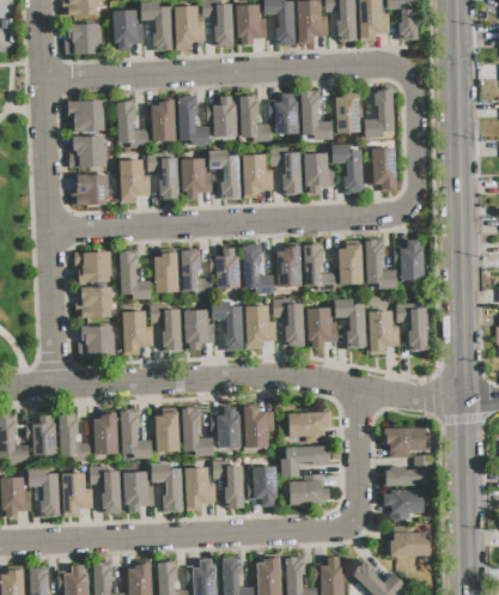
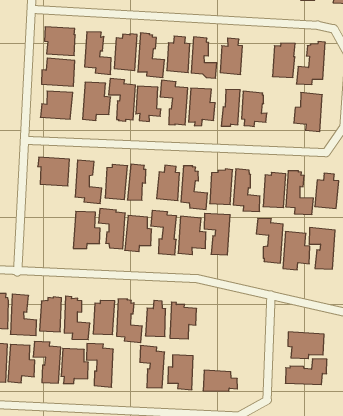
building: [302,91,333,140] -> none
building: [331,144,363,194] -> none
building: [75,286,111,318] -> none
building: [306,308,331,348] -> none
building: [77,324,115,357] -> none
building: [288,411,333,438] -> none
building: [280,444,330,479] -> none
building: [184,467,217,508] -> none
building: [383,488,424,520] -> none

